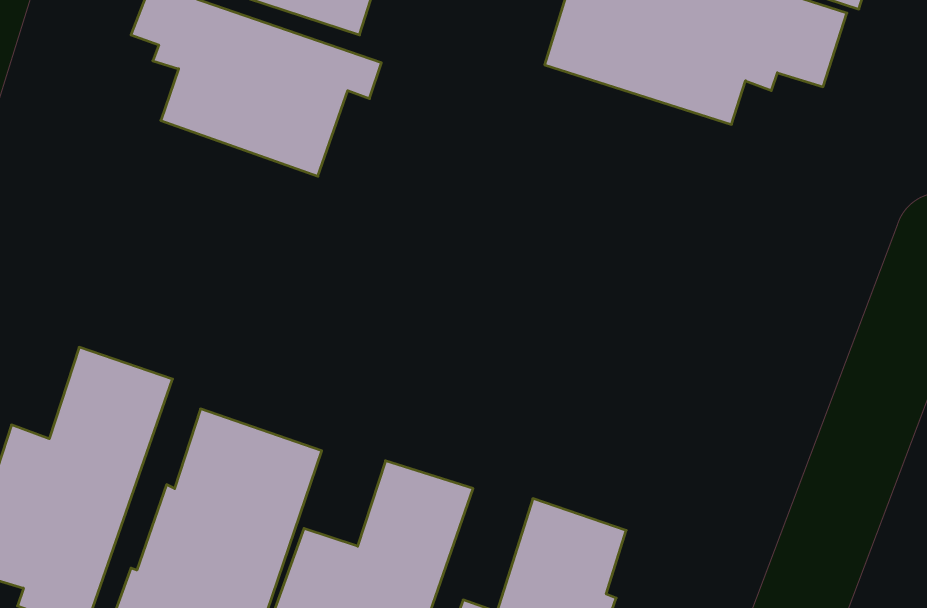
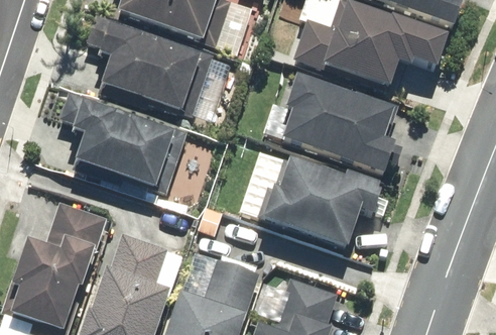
building: none -> [281,76,402,174]
building: none -> [60,90,187,187]
building: none -> [257,156,384,250]

